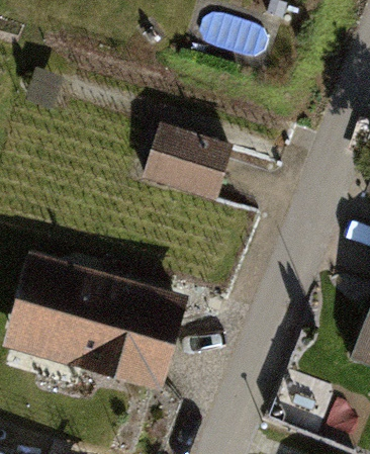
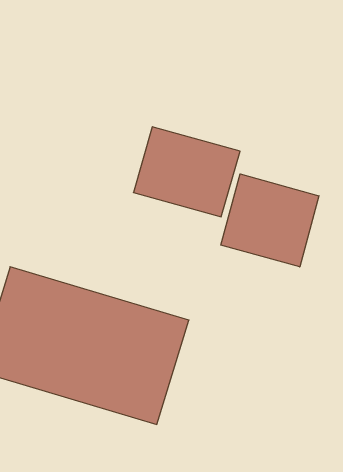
building: none -> [221,174,319,267]

